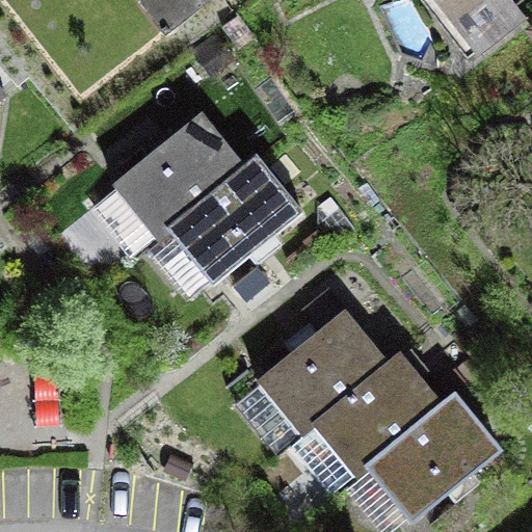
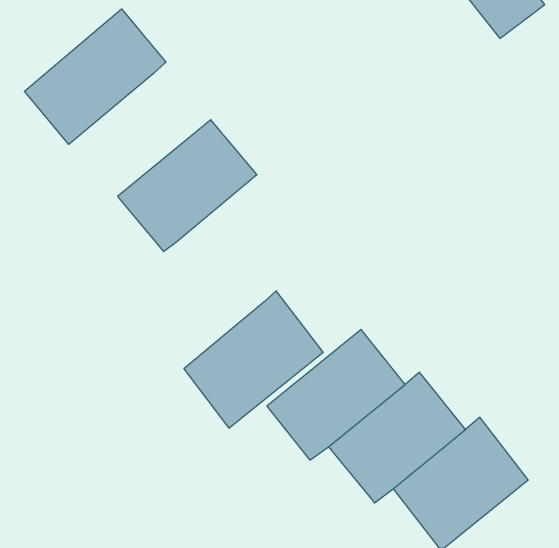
building: none -> [25,9,166,144]
building: [167,155,299,285] -> [184,291,323,428]

